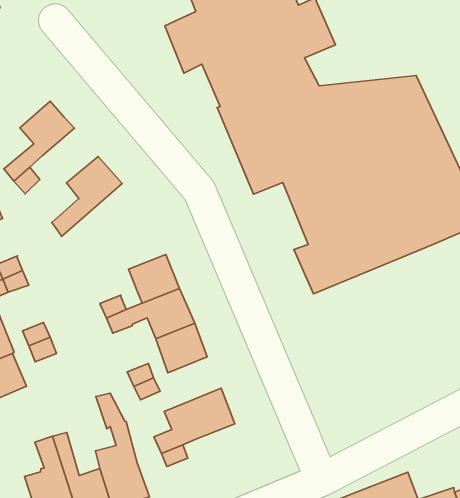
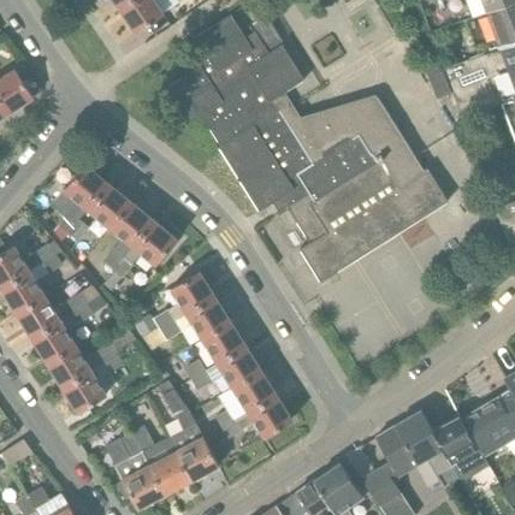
building: none -> [87,183,131,227]
building: none -> [113,220,177,278]
building: none -> [217,347,261,387]
building: none -> [249,396,292,438]

